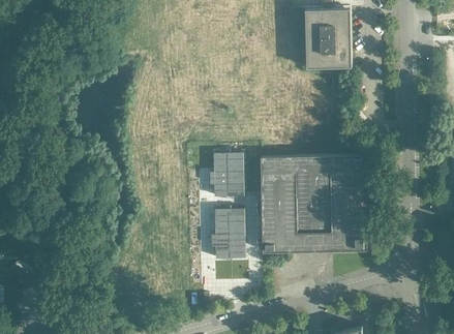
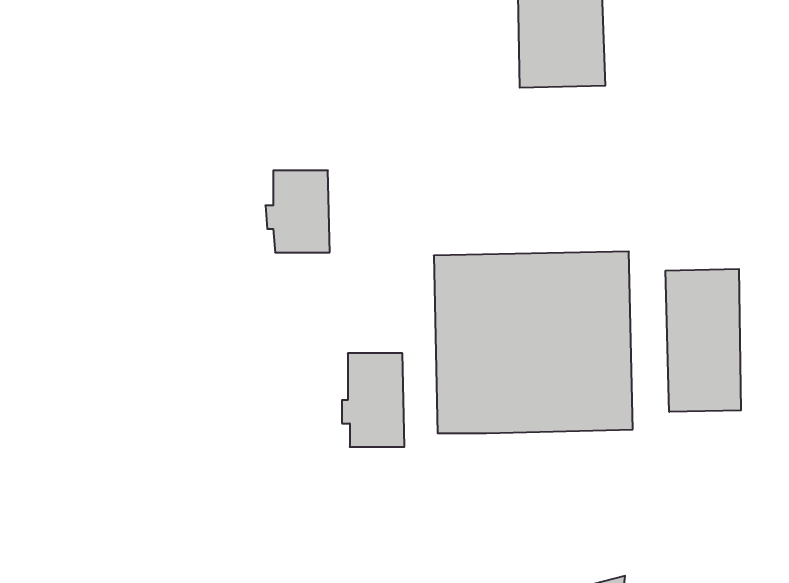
building: [209,152,243,195] -> [265,170,330,252]
building: none -> [666,269,741,412]

